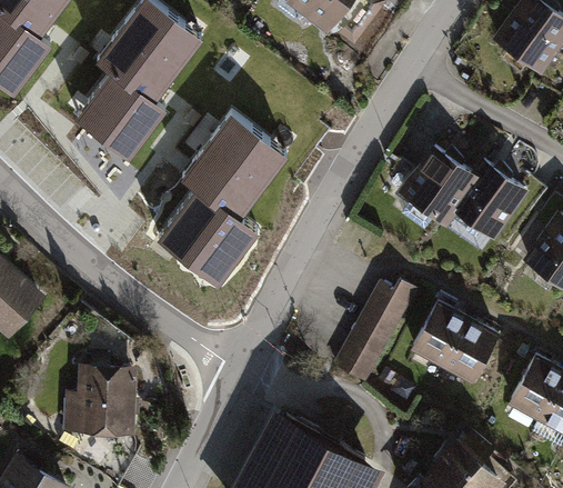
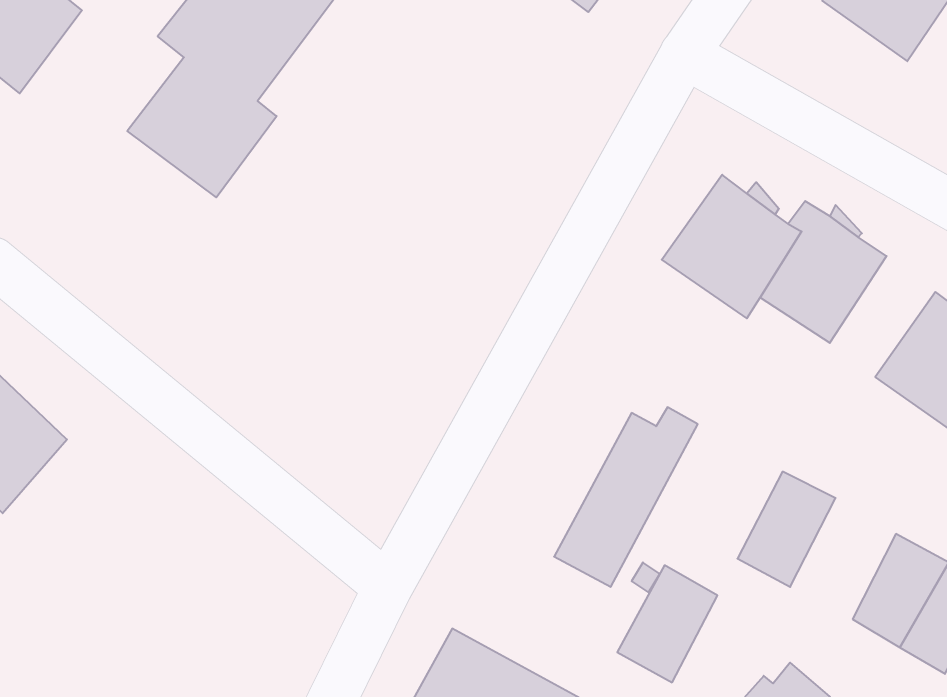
building: [162,109,290,282] -> none
building: [406,299,465,368] -> [617,565,717,682]
building: [62,363,135,436] -> none

